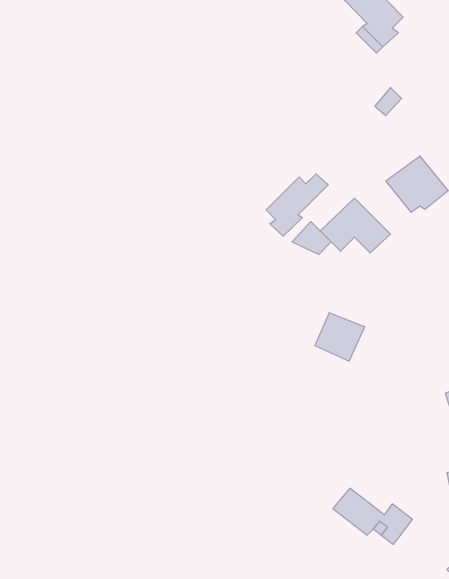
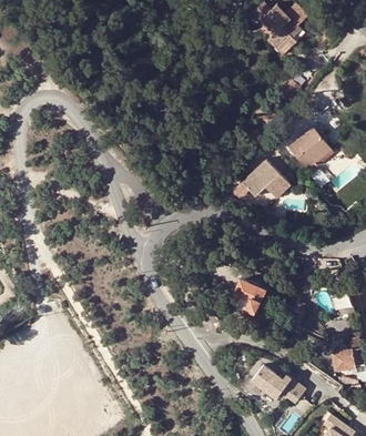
building: [266,174,328,236] -> none
building: [315,313,365,361] -> [231,280,266,314]

